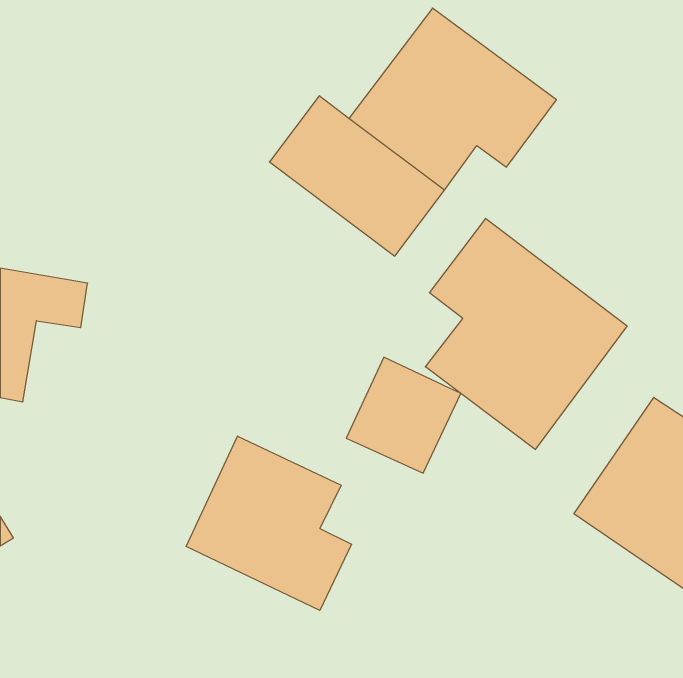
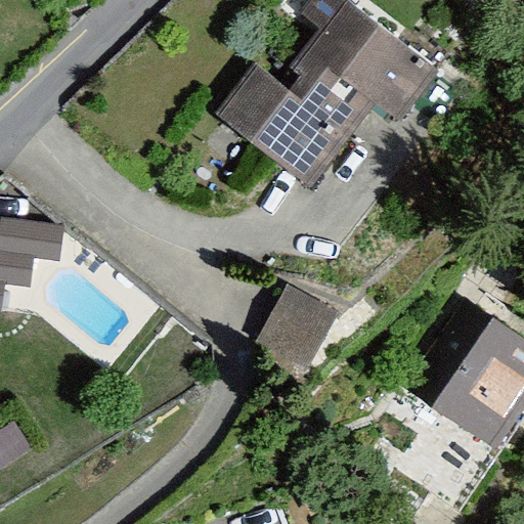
building: [425,218,627,450] -> none
building: [186,436,351,610] -> none

